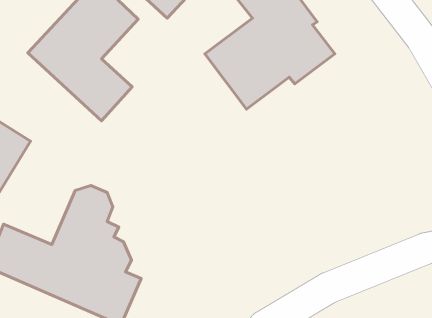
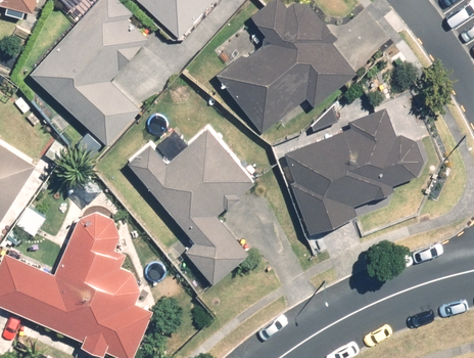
building: none -> [284,109,422,236]
building: none -> [125,131,252,285]

